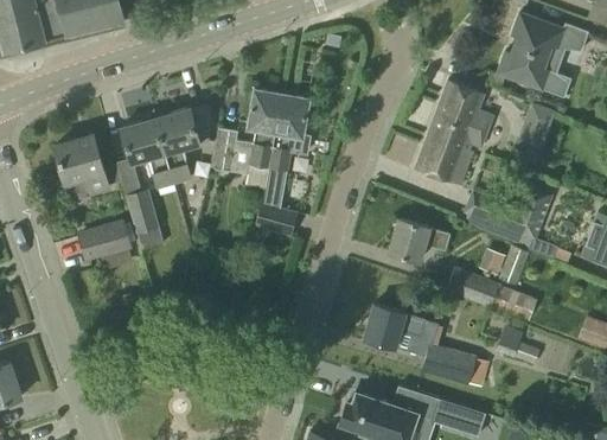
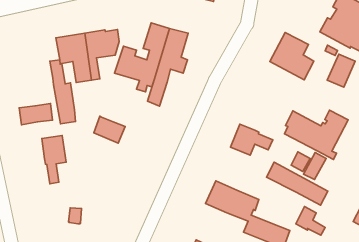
building: [414,123,483,185] -> none
building: [55,134,108,192] -> none
building: [254,200,298,236] -> [94,116,125,143]
building: none -> [42,136,66,184]

